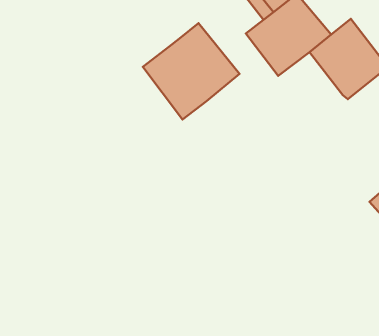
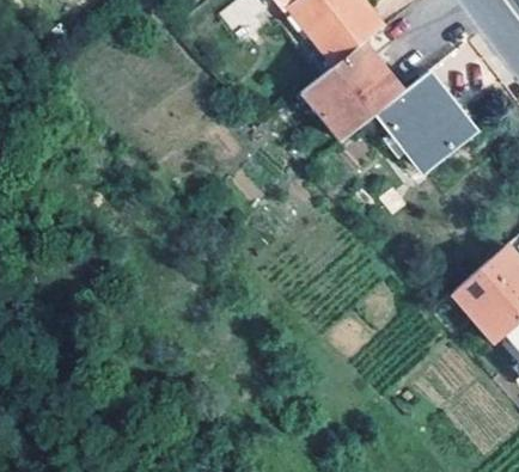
building: [143,23,239,119] -> none

